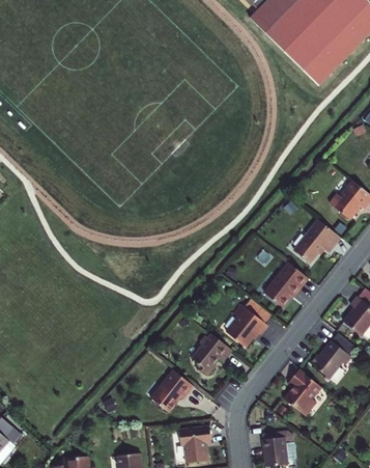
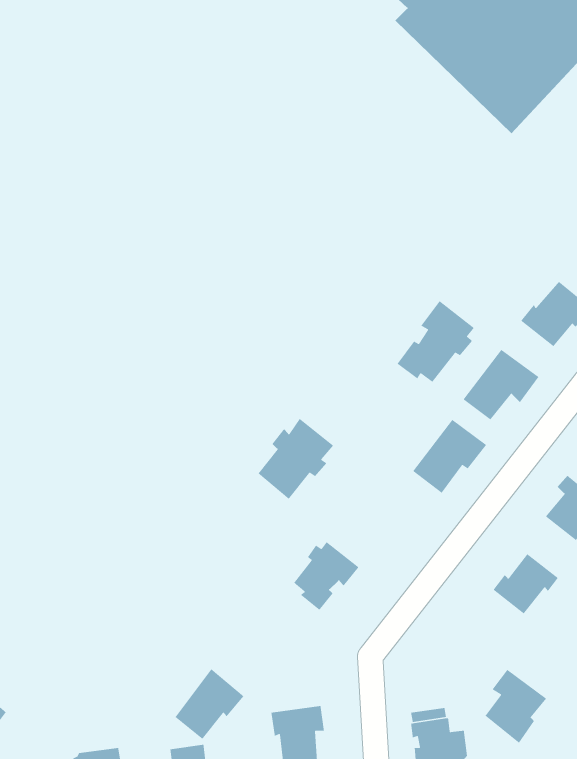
building: none -> [396,300,475,383]
building: [225,297,271,346] -> [257,418,334,500]
building: [285,366,322,411] -> [484,669,547,744]
building: [151,371,193,414] -> [175,668,244,740]

